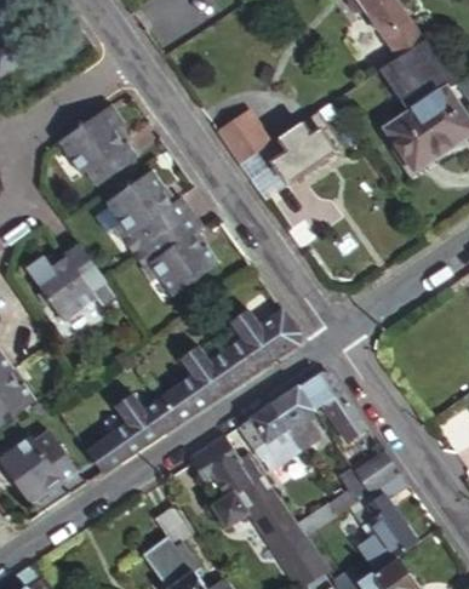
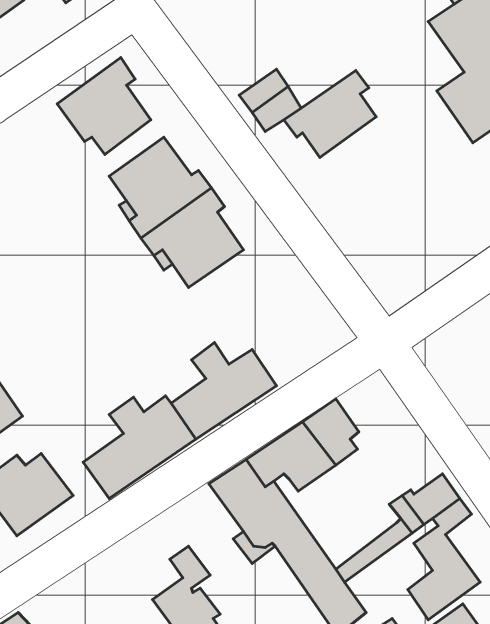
building: [24,242,105,322] -> none
building: [225,304,299,377] -> none
building: [296,372,372,445] -> none

